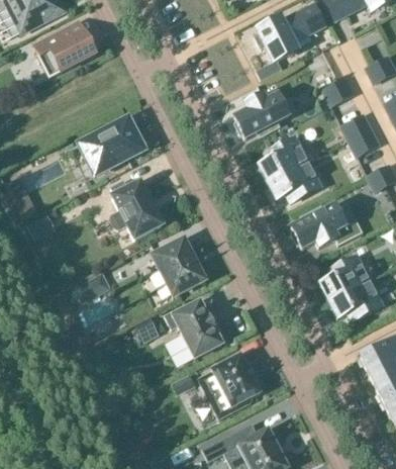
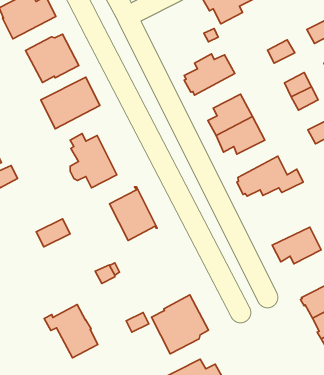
building: none -> [25,34,79,83]
building: [321,255,370,299] -> none
building: [165,299,222,357] -> [44,304,98,358]

